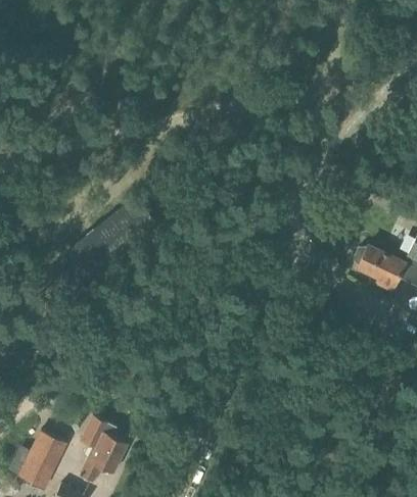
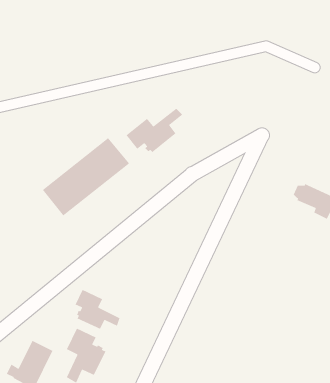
building: none -> [126,108,183,153]
building: none -> [74,289,121,330]

